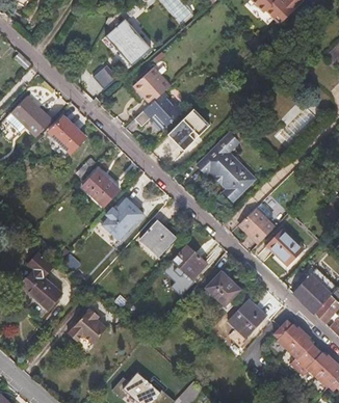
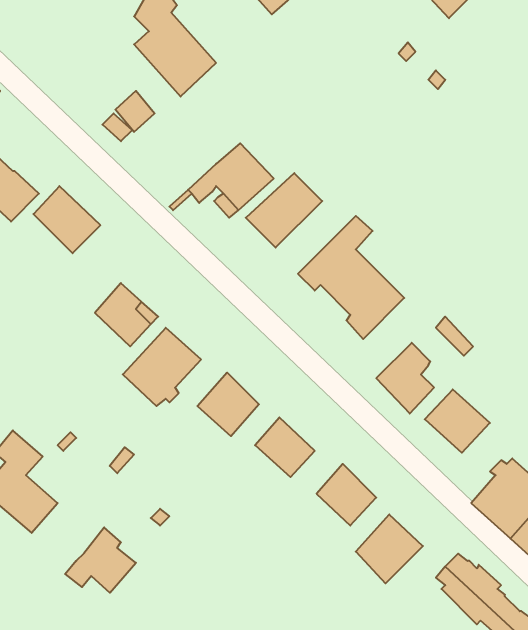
building: [134,68,171,104] -> none

